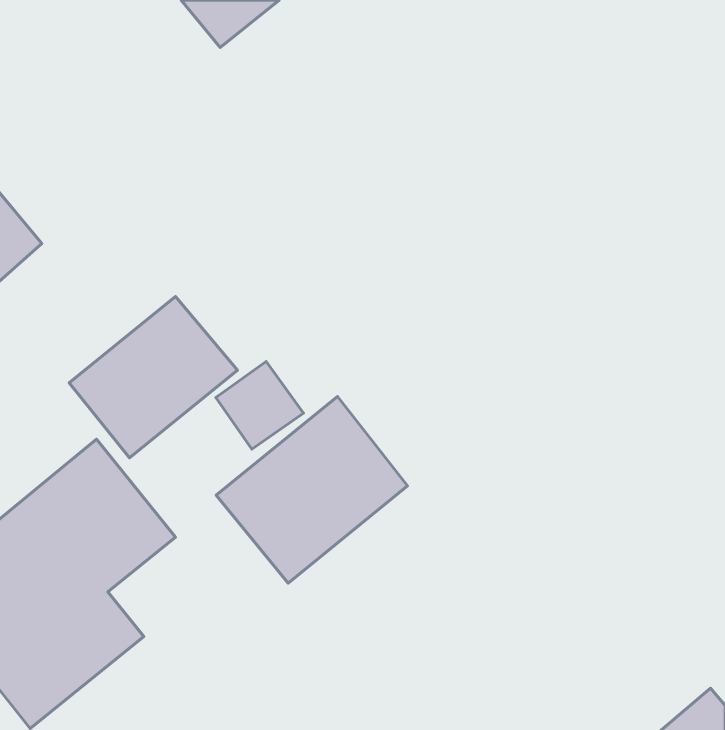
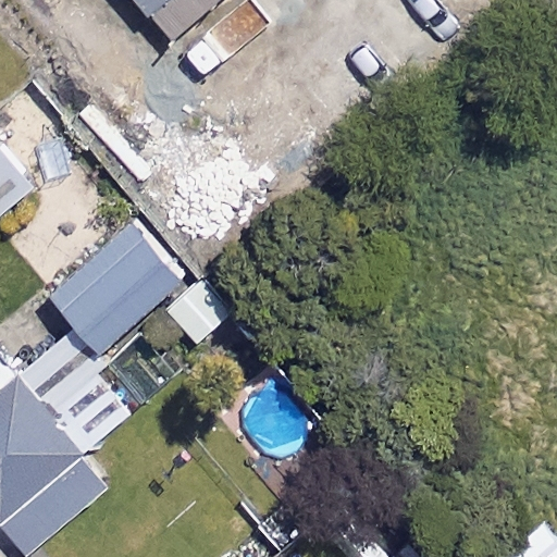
building: [216,396,407,583] -> none

